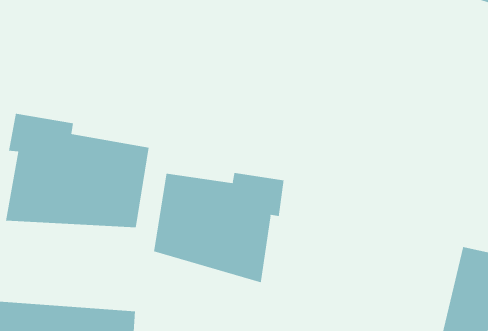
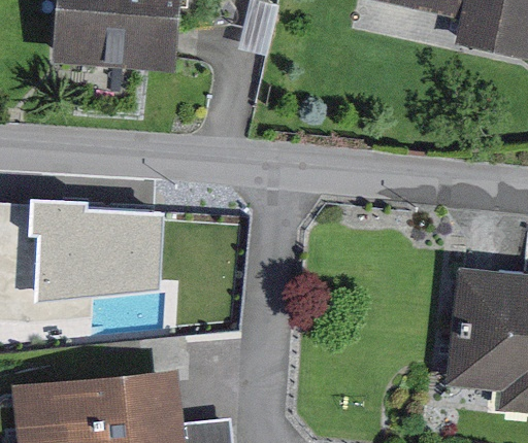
building: [153,172,284,283] -> none

